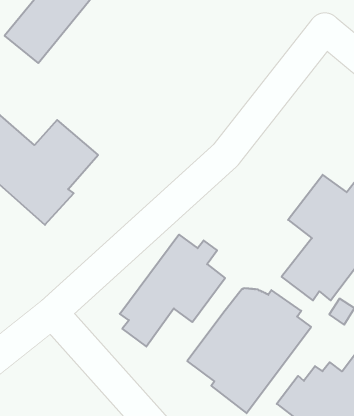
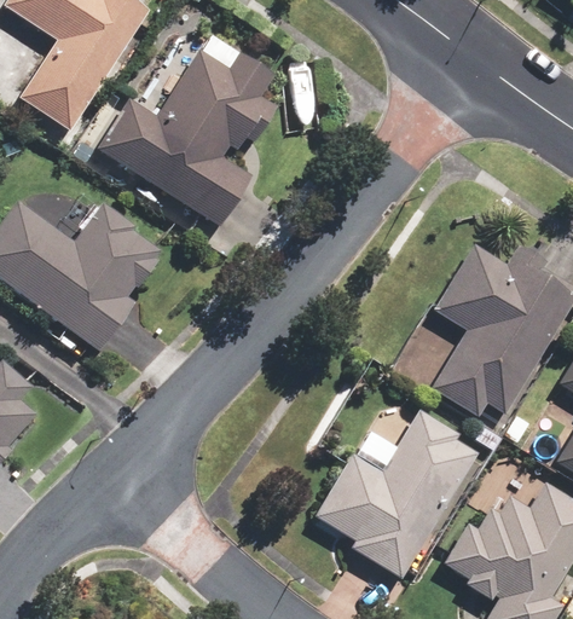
building: none -> [99,50,277,225]
building: [120,235,225,347] -> none

